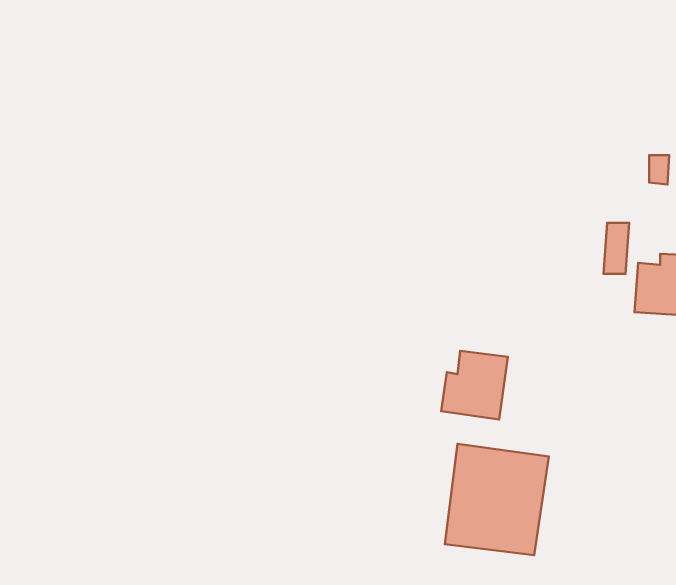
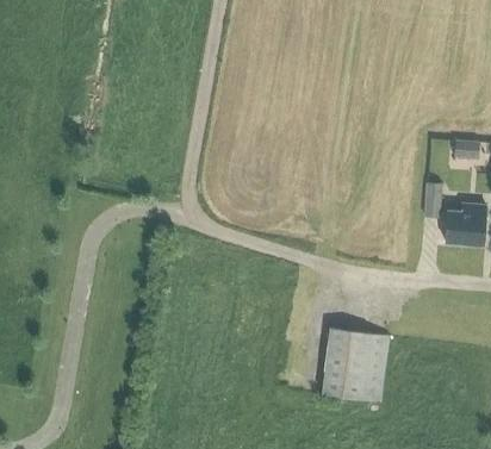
building: [441,351,508,419] -> none

